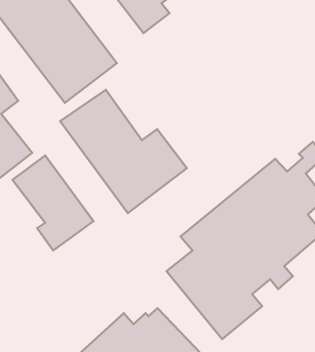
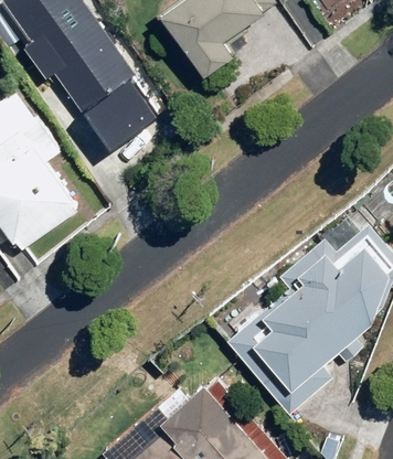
building: [60,90,187,213] -> none
building: [13,156,93,250] -> none

